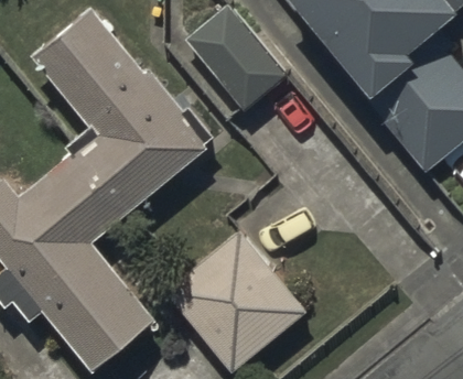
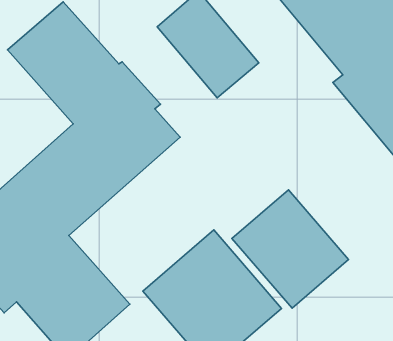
building: none -> [232,190,349,308]

